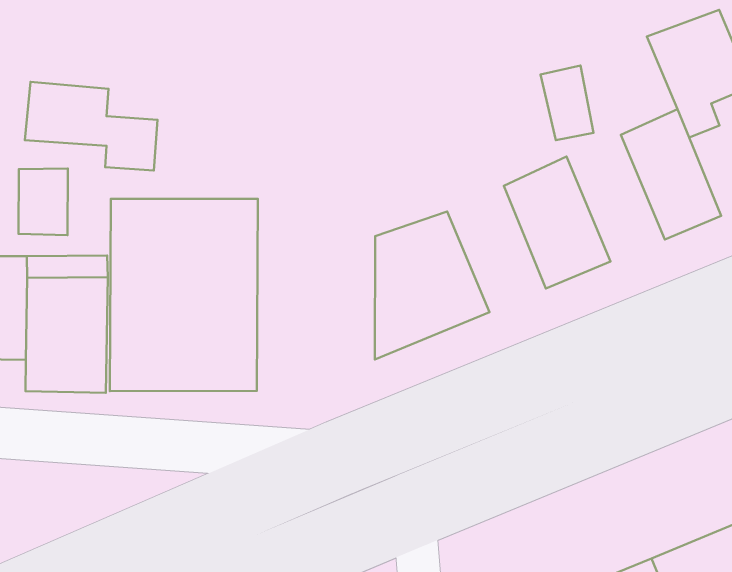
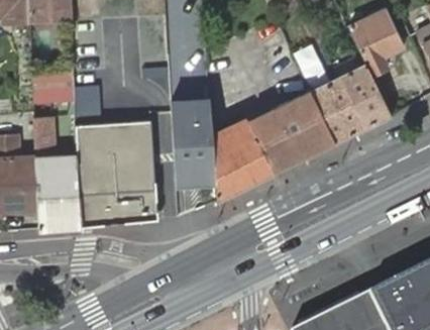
building: none -> [310,76,363,141]
building: none -> [173,100,216,187]
building: none -> [250,106,304,172]

